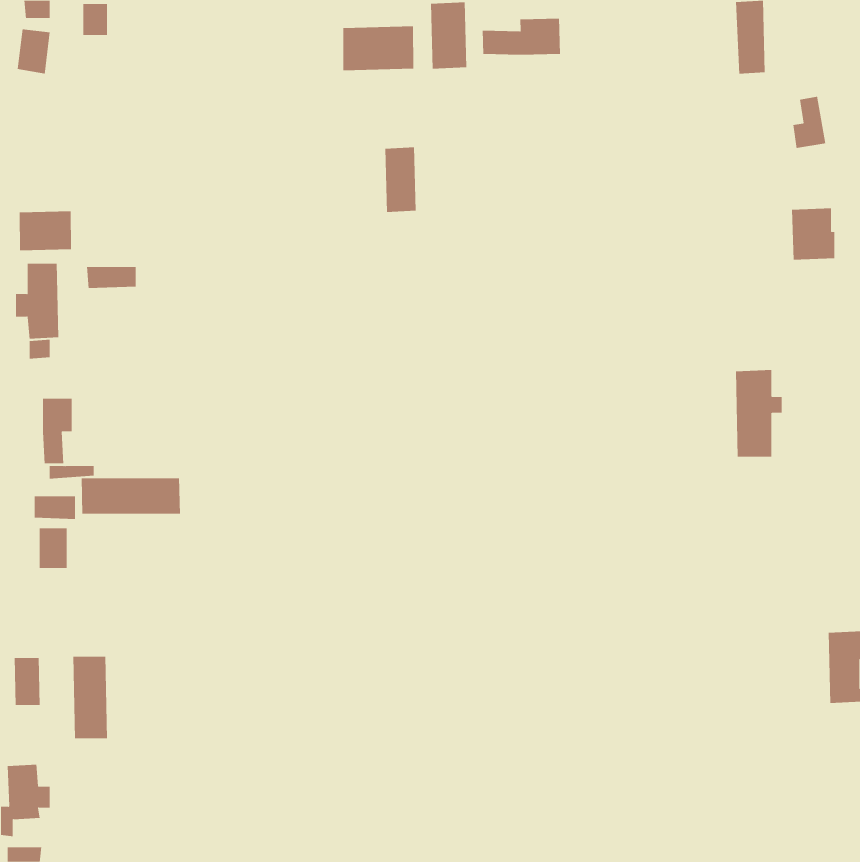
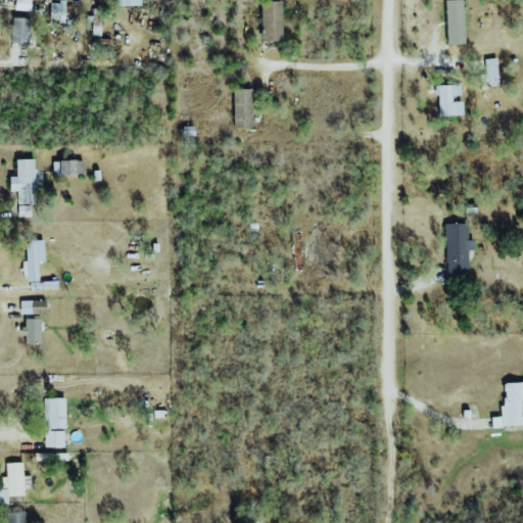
building: [482,18,560,55] -> none
building: [343,26,414,71] -> none
building: [791,208,835,260] -> [437,85,464,116]
building: [19,211,71,251] -> none
building: [81,477,180,514] -> none
building: [14,657,40,706] -> none

